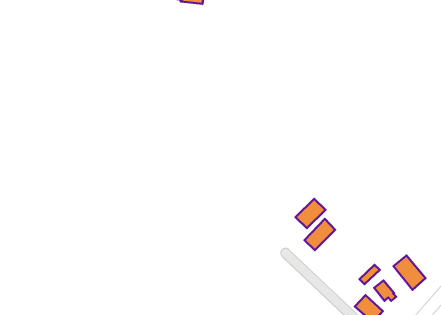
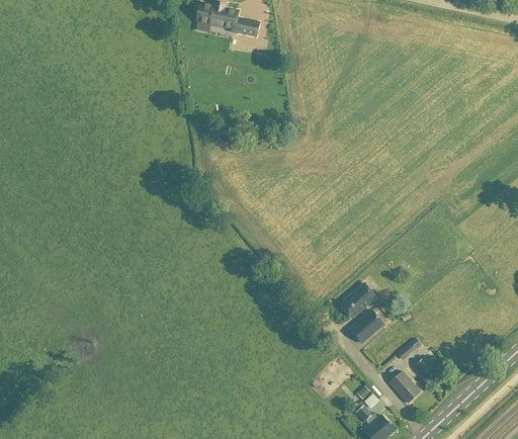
building: [296,199,325,228] -> [349,311,382,342]
building: [394,256,425,290] -> none

